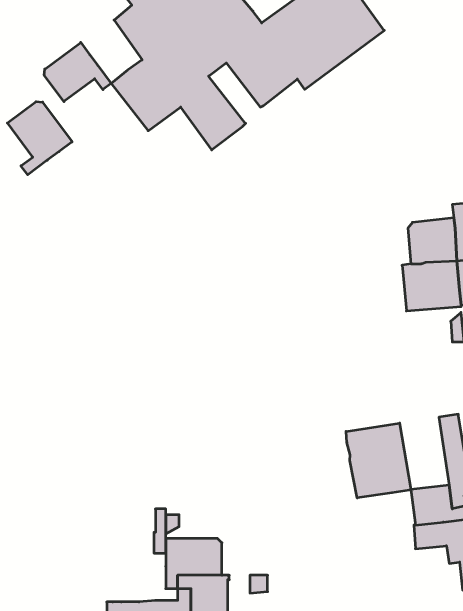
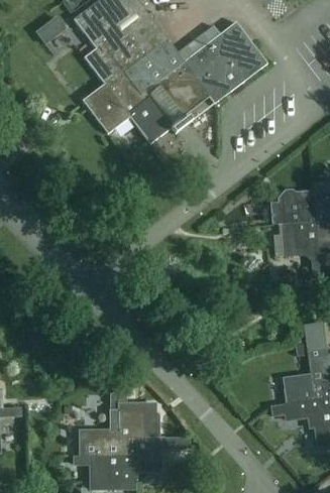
building: [44,42,111,102] -> none
building: [7,102,72,175] -> none
building: [346,423,411,498] -> none
building: none -> [81,430,125,455]

